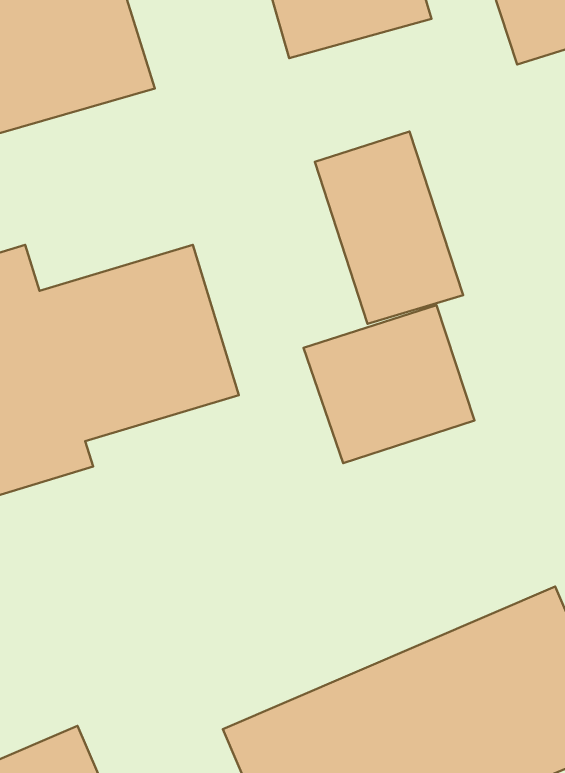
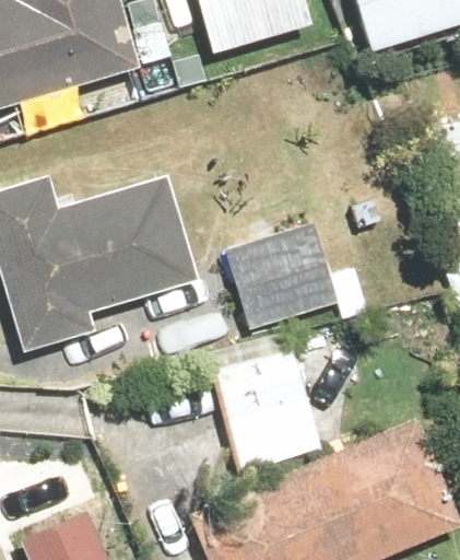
building: [315,131,463,324] -> none
building: none -> [229,342,332,467]

